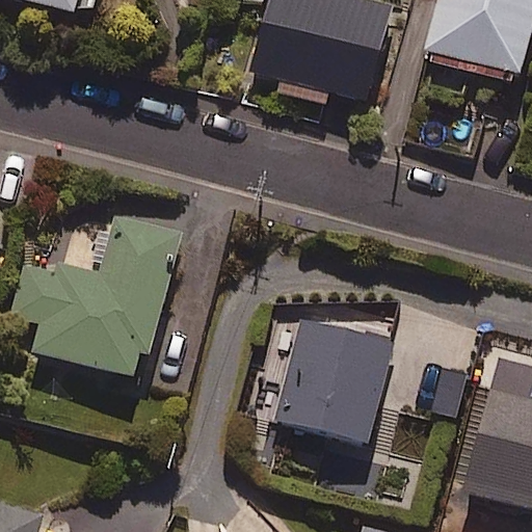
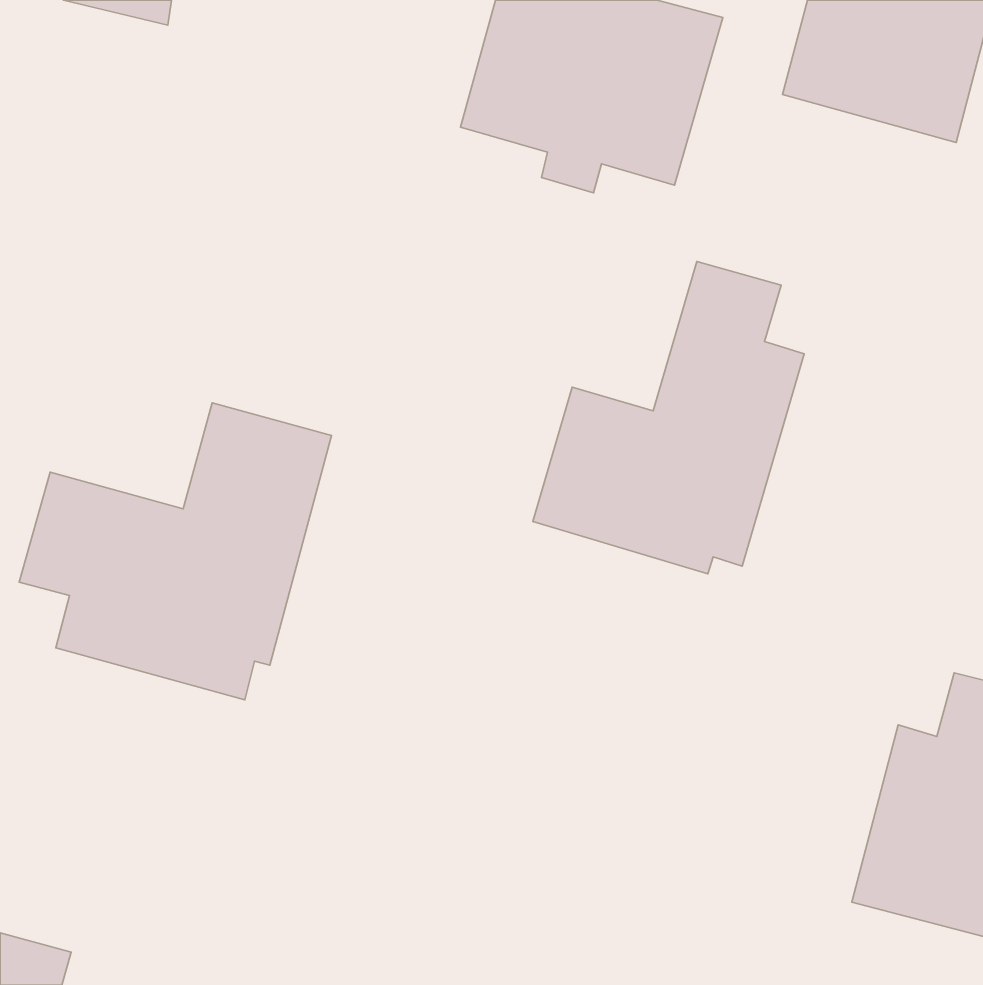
building: none -> [533,261,804,574]
building: [274,313,396,442] -> none

